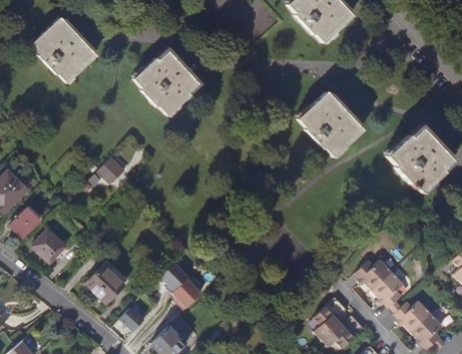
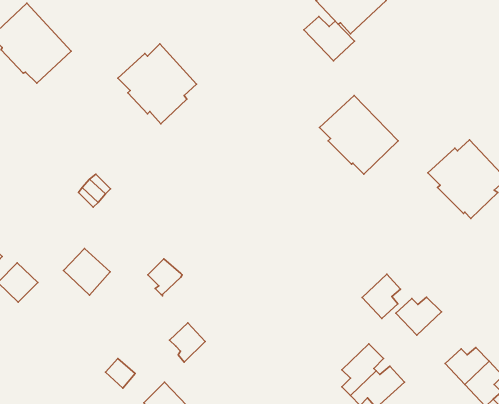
building: none -> [304,17,354,61]
building: [163,263,191,293] -> [148,259,182,296]
building: [89,265,127,303] -> [64,249,110,295]
building: [377,269,408,305] -> [362,274,400,319]

